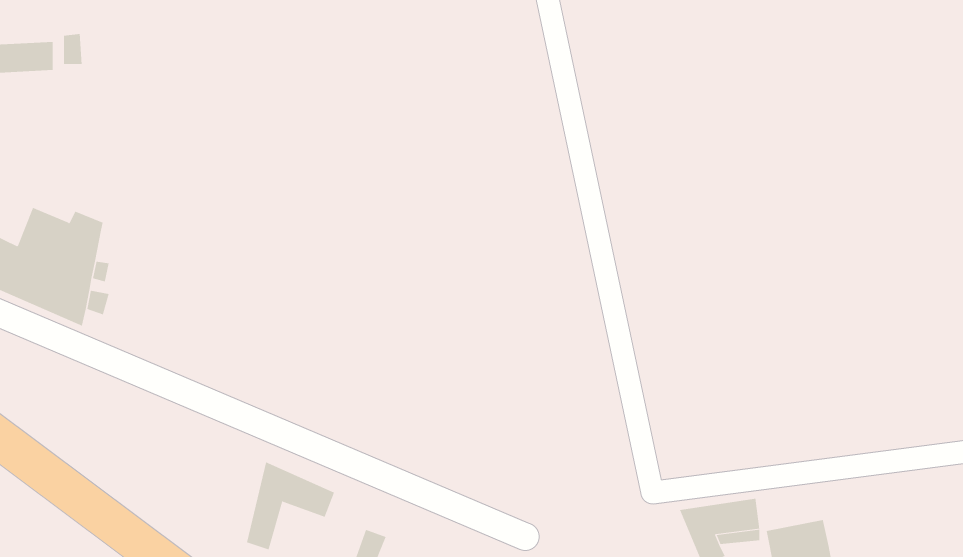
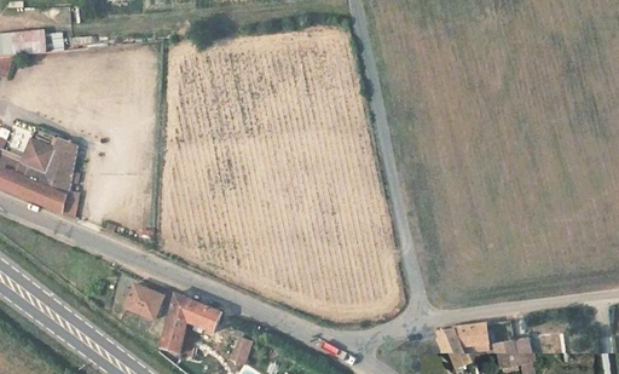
building: none -> [125,286,162,320]

